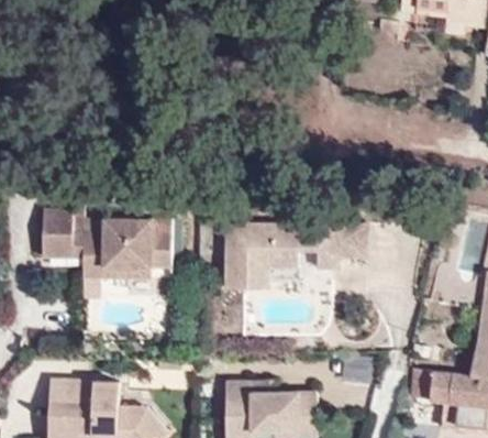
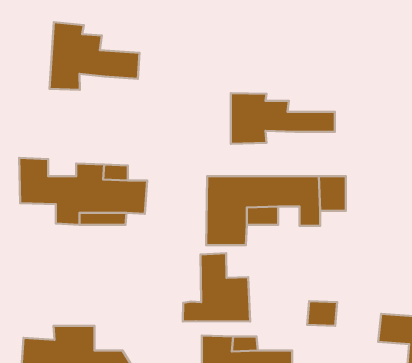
building: none -> [49,22,139,90]
building: none -> [231,93,335,144]
building: none -> [183,253,250,321]

